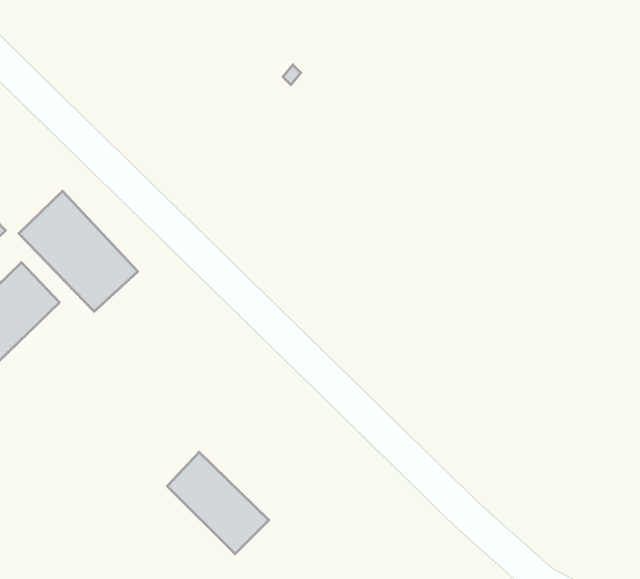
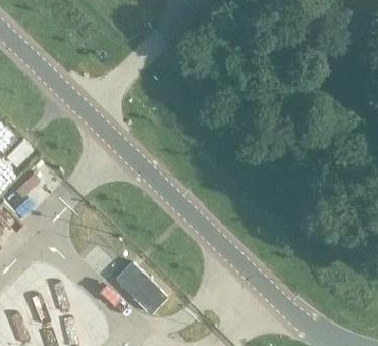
building: [19,191,138,311] -> none

